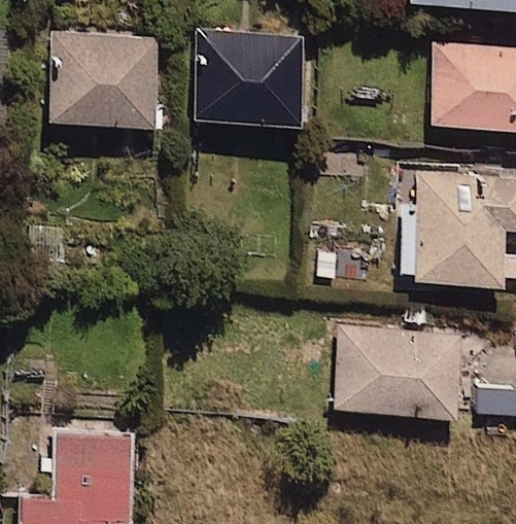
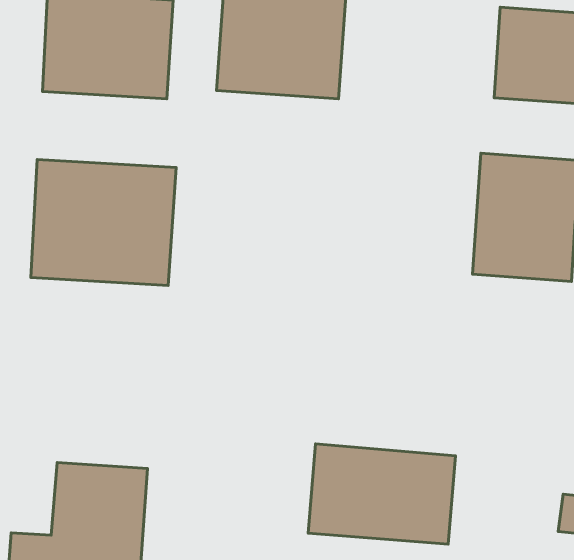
building: none -> [31,159,176,285]
building: [335,331,460,417] -> [308,444,456,544]

